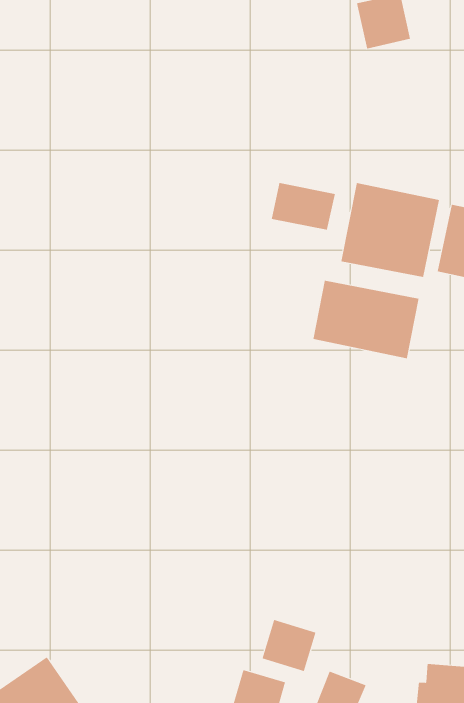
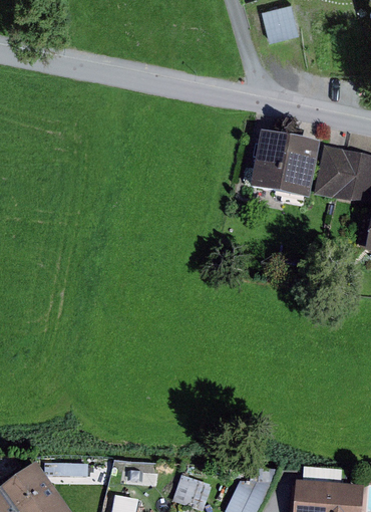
building: [271,182,335,231] -> none
building: [313,280,419,359] -> none
building: [262,619,316,672] -> none

